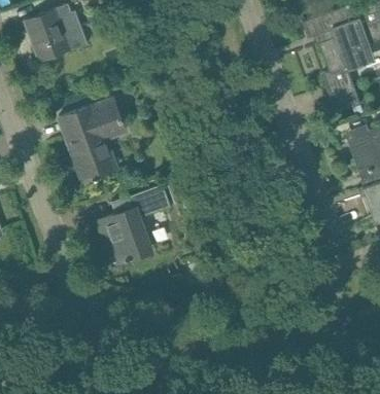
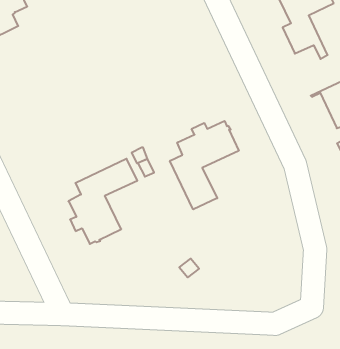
building: [59,100,125,181] -> none
building: none -> [170,121,239,209]

